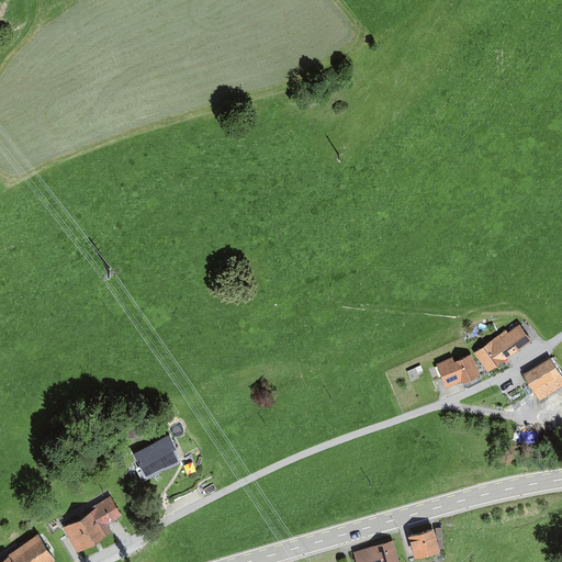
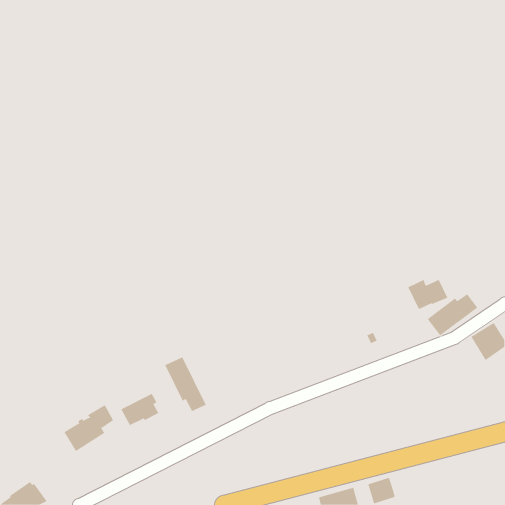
building: [435,356,480,390] -> [408,279,448,310]
building: none -> [165,357,207,412]
building: [63,495,119,548] -> [64,404,114,452]

